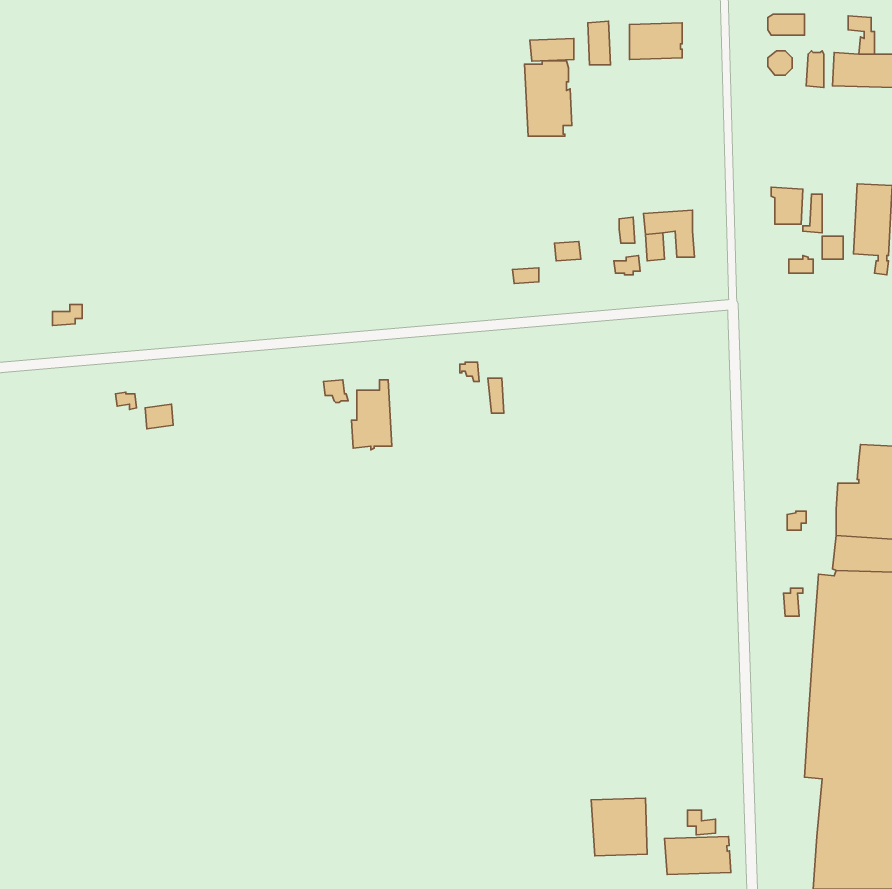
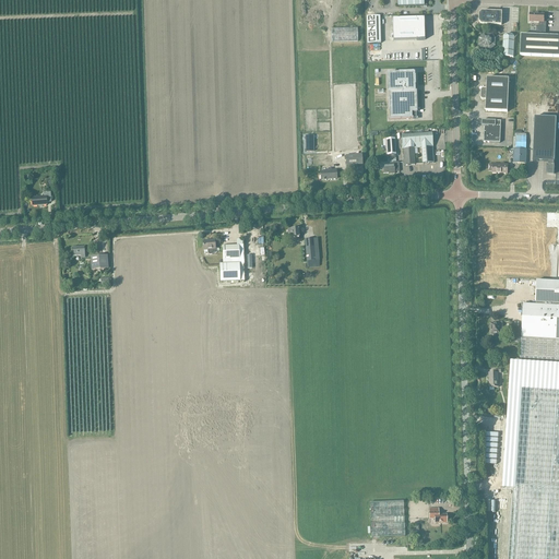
building: [525,61,572,136] -> [389,69,418,116]
building: none -> [481,75,510,109]
building: [665,837,731,875] -> none

